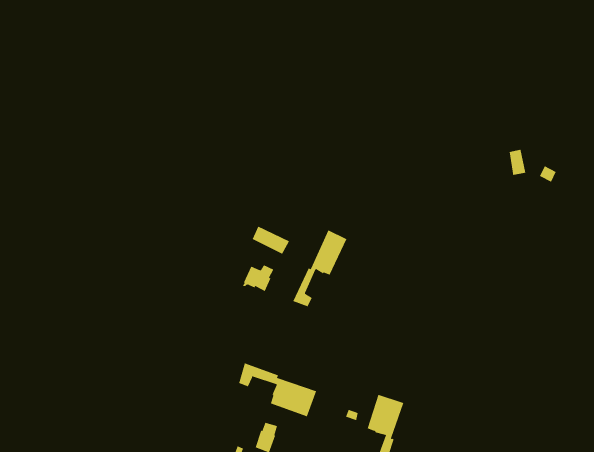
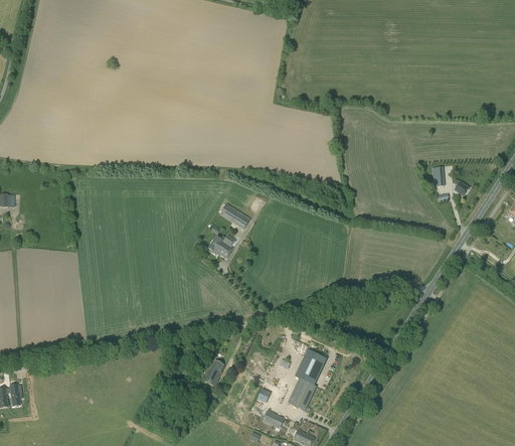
building: [292,230,347,307] -> none
building: [238,362,317,417] -> none

